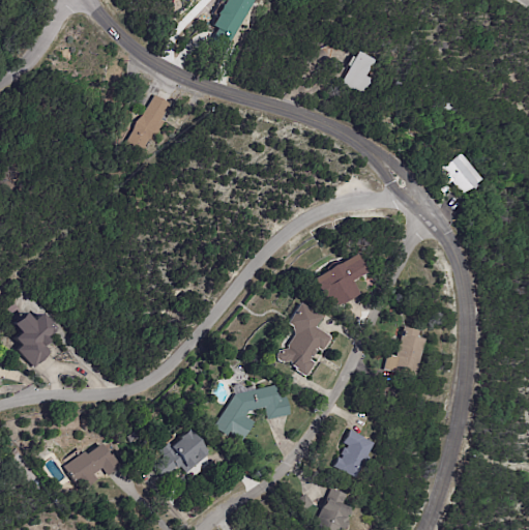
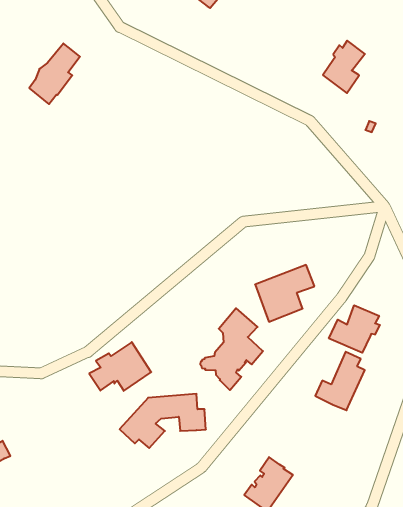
building: [133,93,173,149] -> [29,43,80,104]
building: none -> [329,305,380,353]
building: [155,428,210,475] -> [89,342,151,391]

